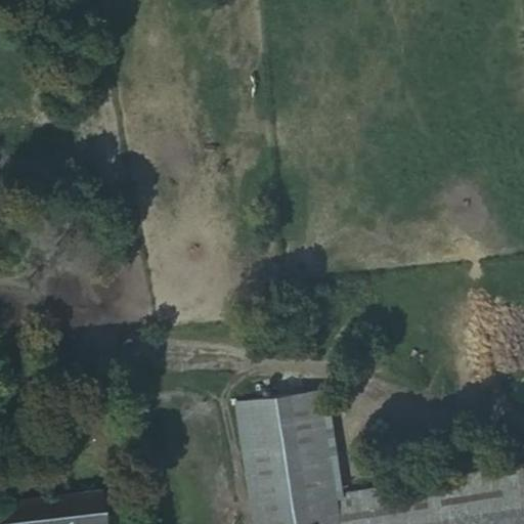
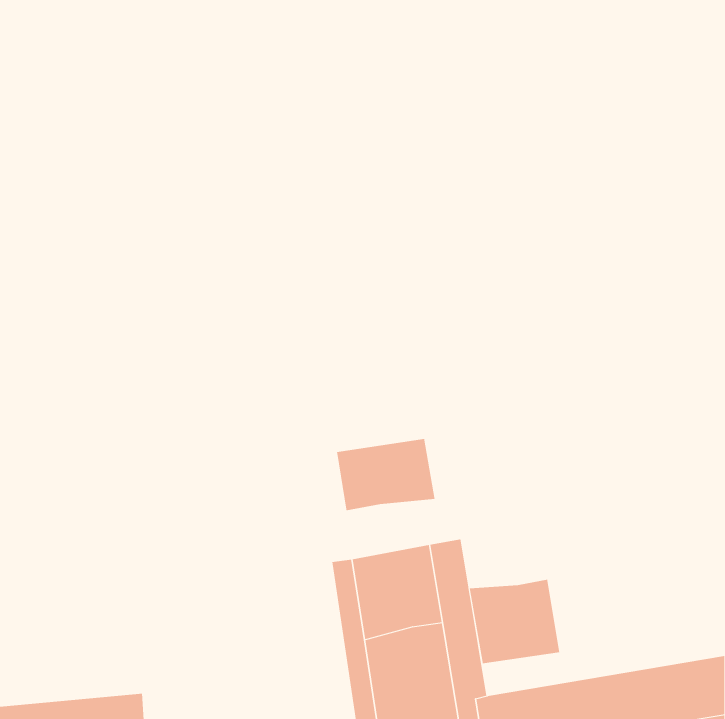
building: none -> [336,438,435,511]
building: none -> [469,579,560,664]

